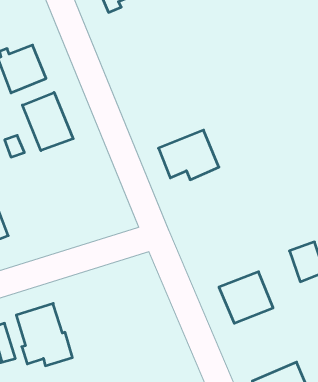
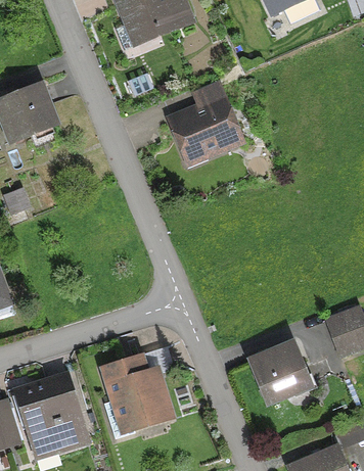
building: [22,92,73,151] -> none
building: [158,130,219,180] -> [171,98,239,154]
building: none -> [103,359,169,438]

